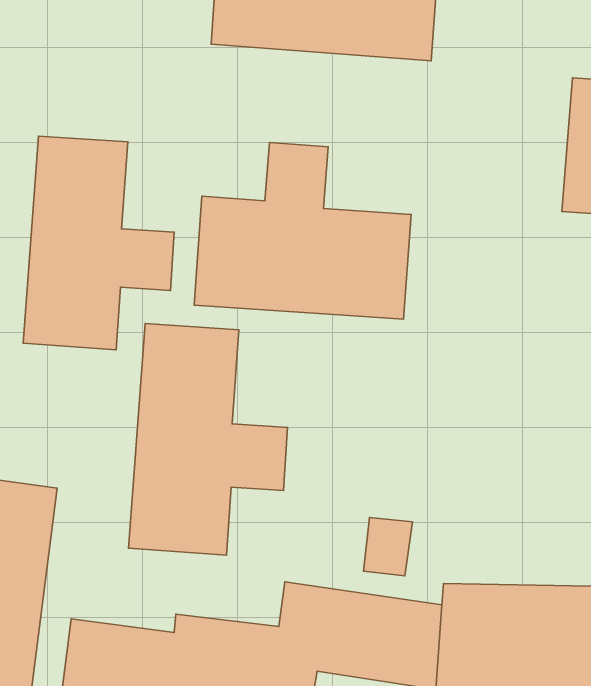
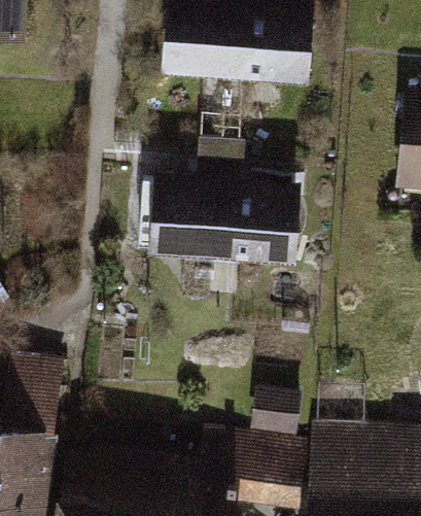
building: [23,136,174,350] -> none
building: [129,324,287,555] -> none

